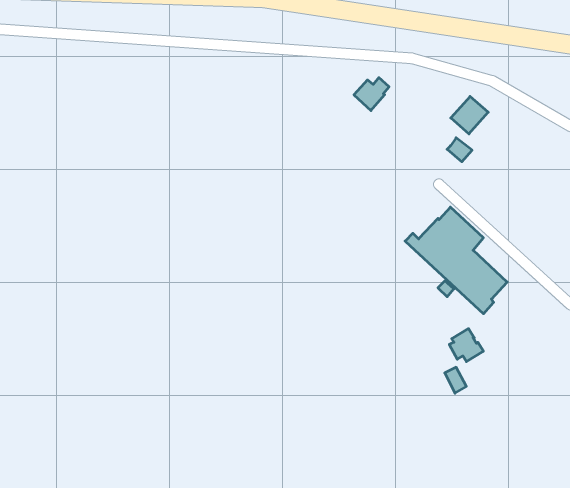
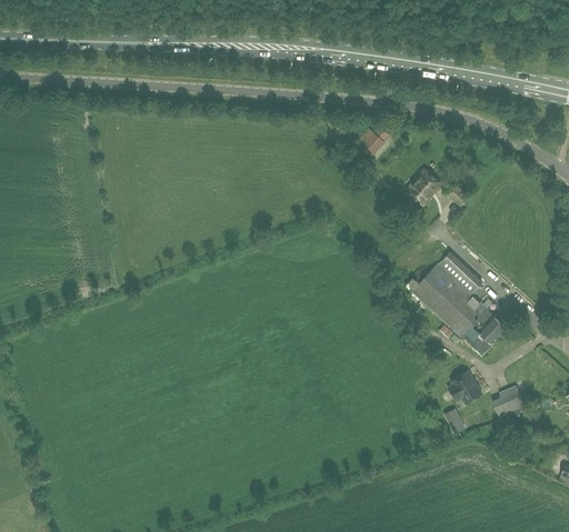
building: [451,96,488,134] -> [406,169,442,205]
building: none -> [492,385,526,418]

